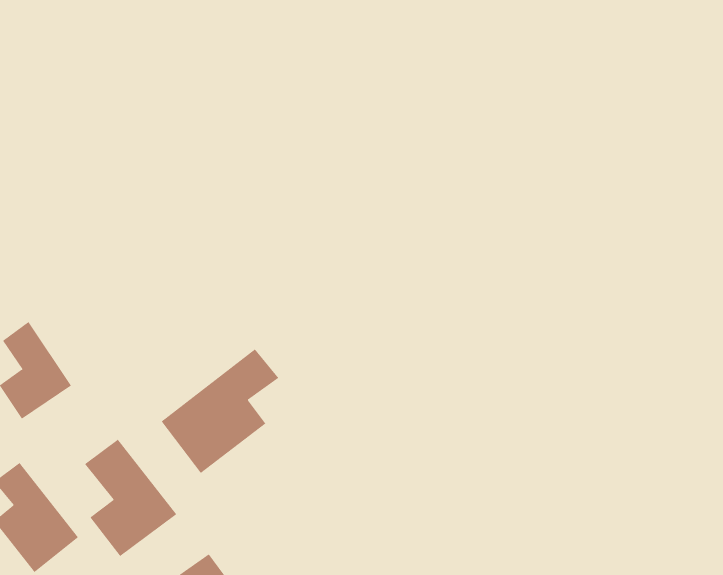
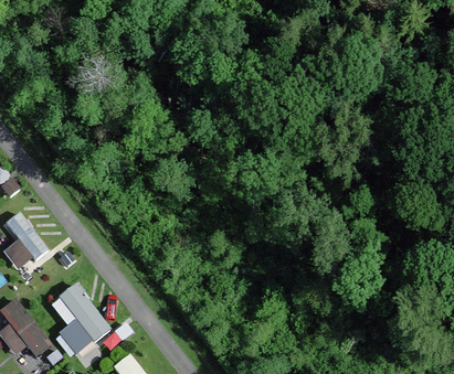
building: [161,348,279,474] -> none

